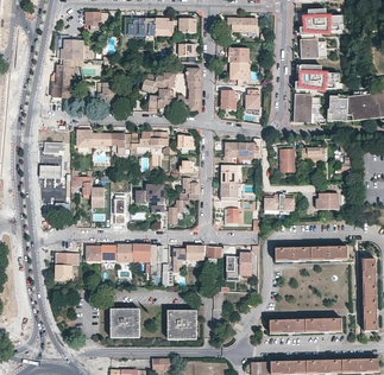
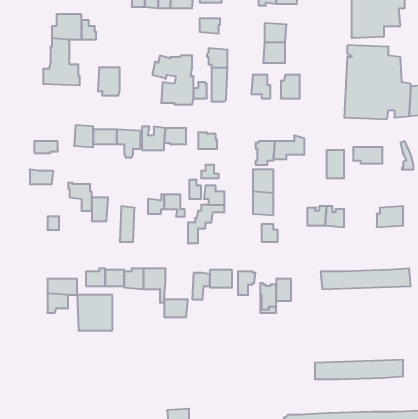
building: [109,309,138,337] -> [77,295,112,330]
building: [166,310,196,338] -> none

